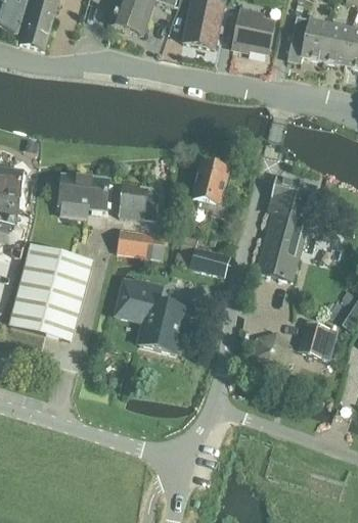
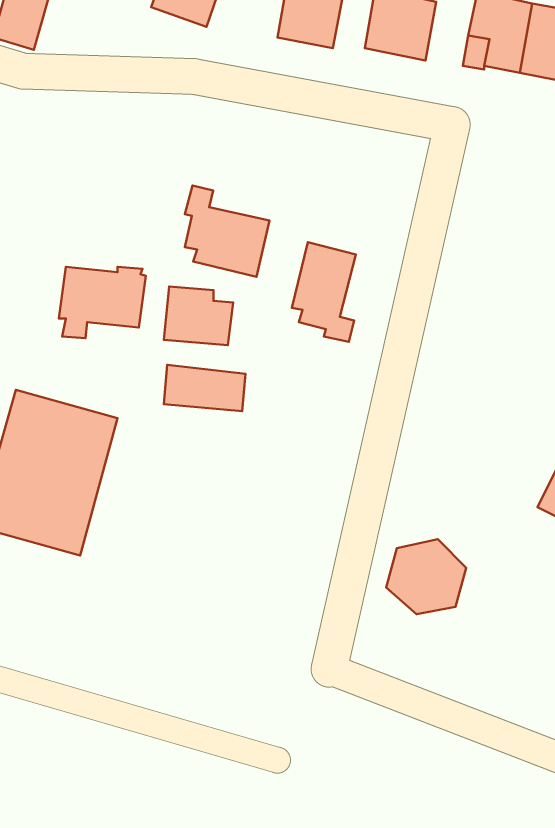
building: none -> [185,186,269,277]
building: [256,176,317,280] -> none
building: [177,233,231,276] -> none
building: [113,277,189,353] -> none
building: [299,320,338,359] -> none

